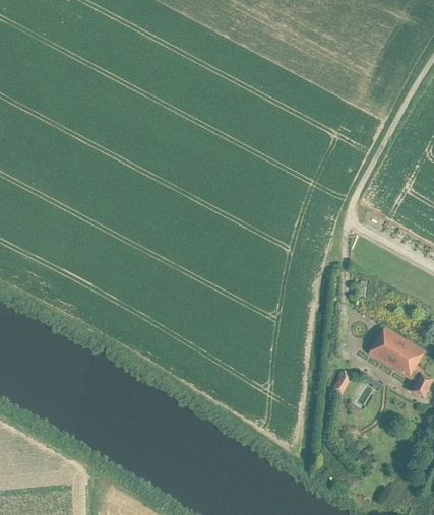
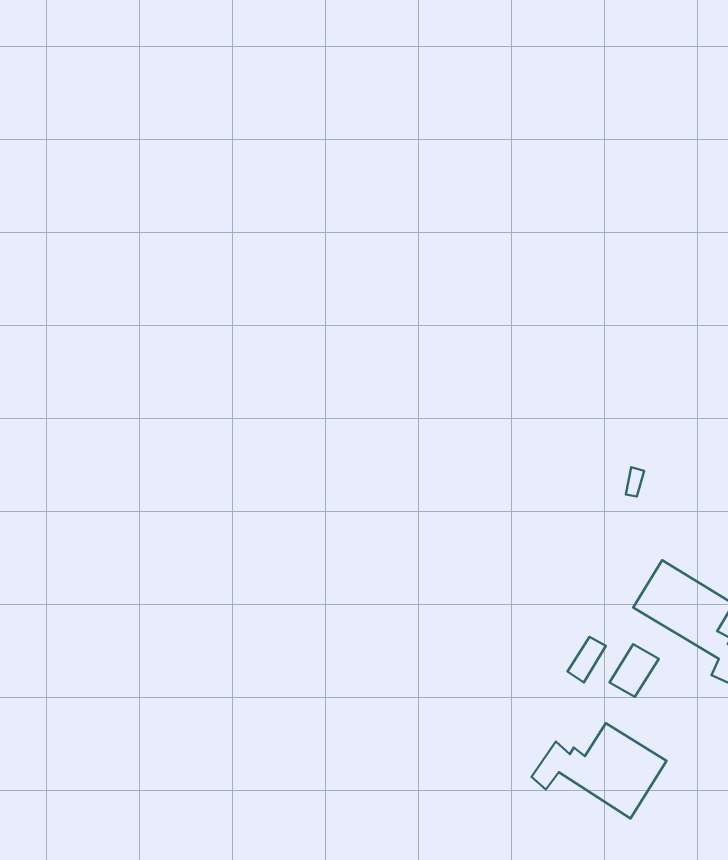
building: none -> [532,723,666,819]

